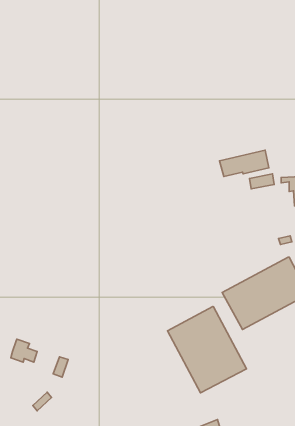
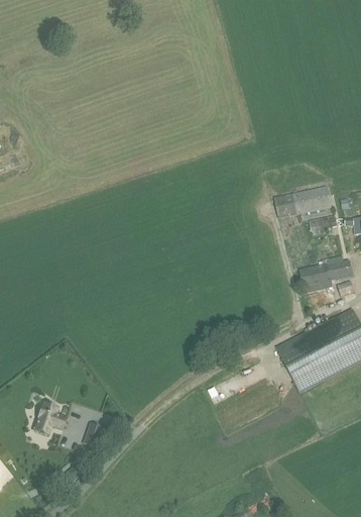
building: none -> [298,257,351,291]
building: [167,306,247,393] -> none

